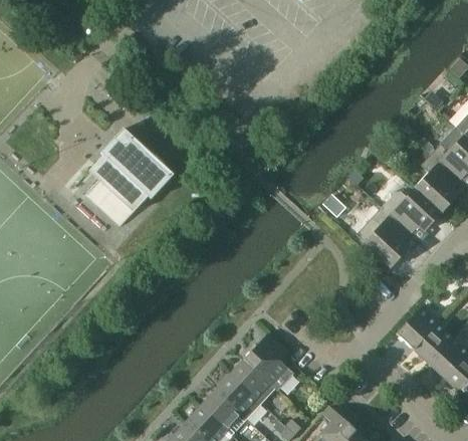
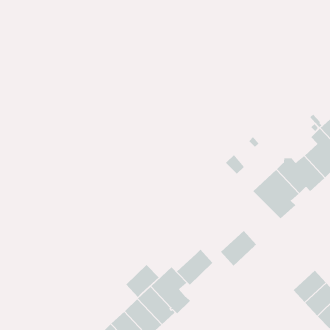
building: [84,129,173,227] -> none
building: [397,306,440,351] -> [220,230,257,266]
building: none -> [176,249,213,286]
building: none -> [126,264,159,298]

